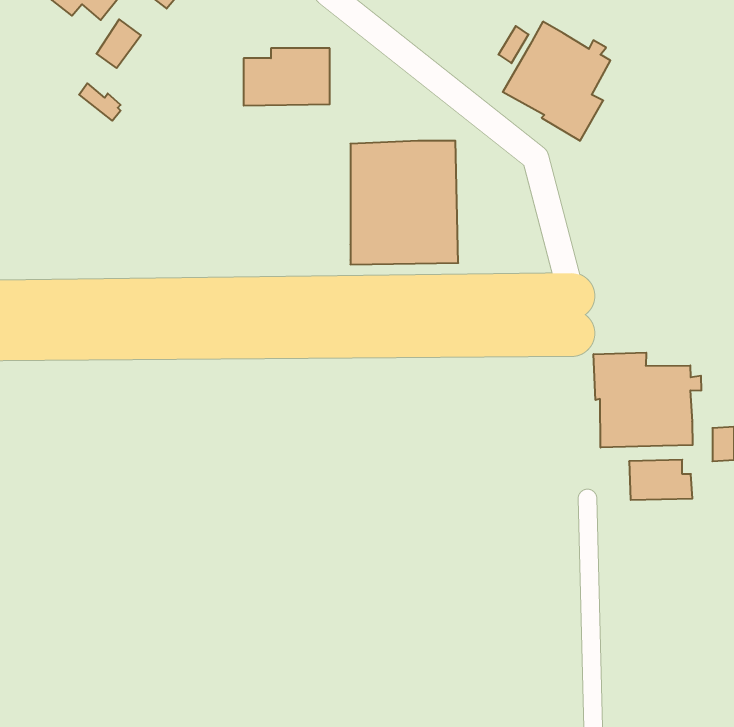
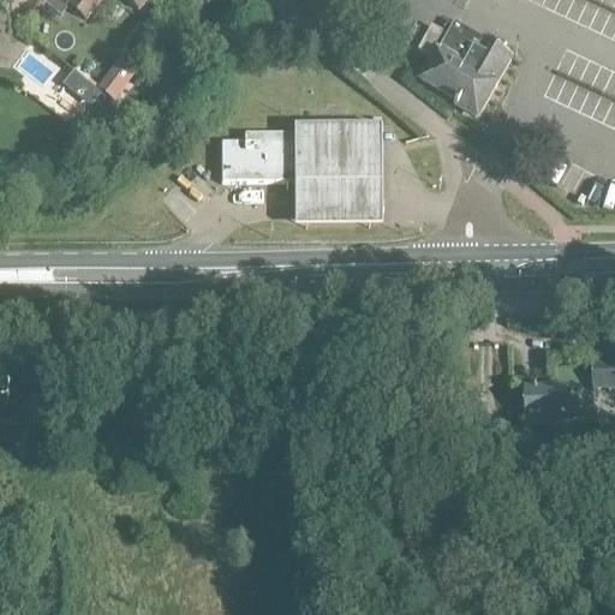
building: [96,19,141,68] -> [97,53,135,94]
building: [244,48,330,106] -> [221,132,293,180]
building: [594,353,701,448] -> none

